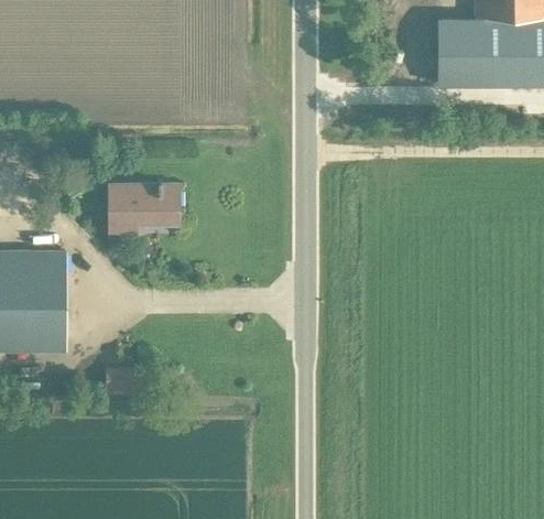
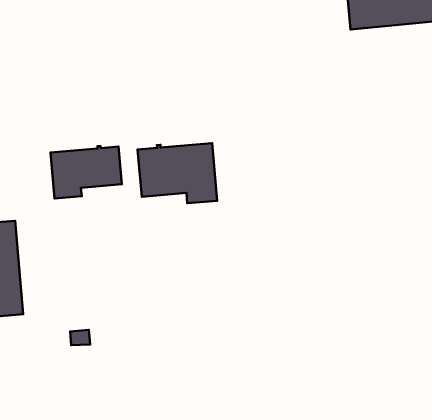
building: none -> [138,143,217,203]

